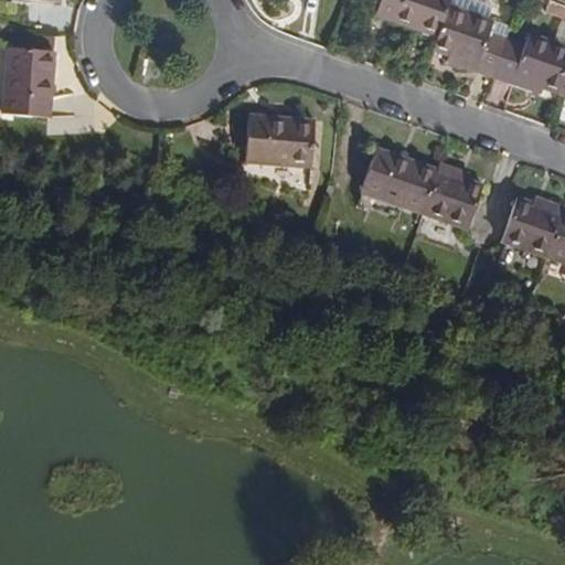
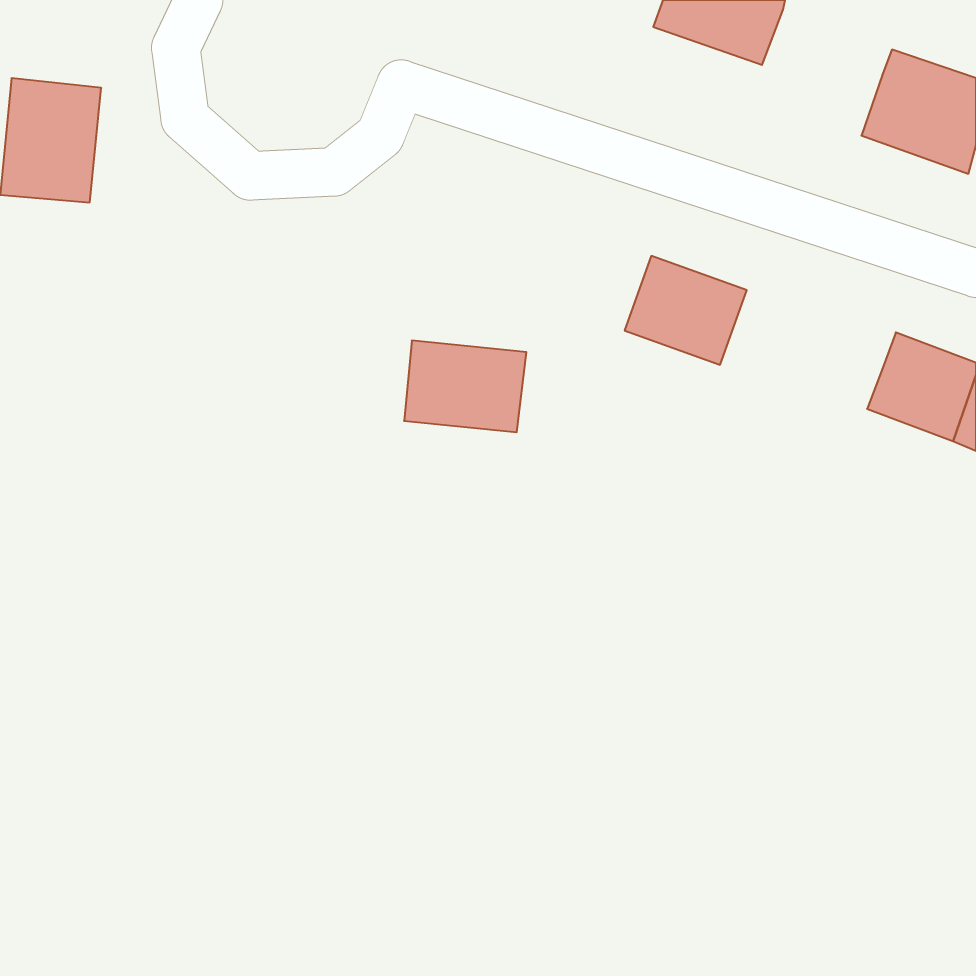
building: [437,6,510,78] -> none
building: [245,115,316,168] -> [404,341,526,432]
building: [416,168,480,228] -> none

